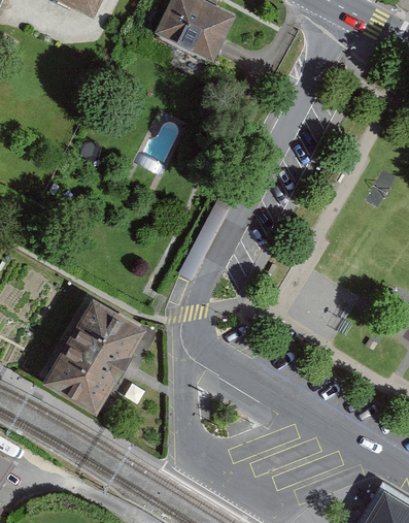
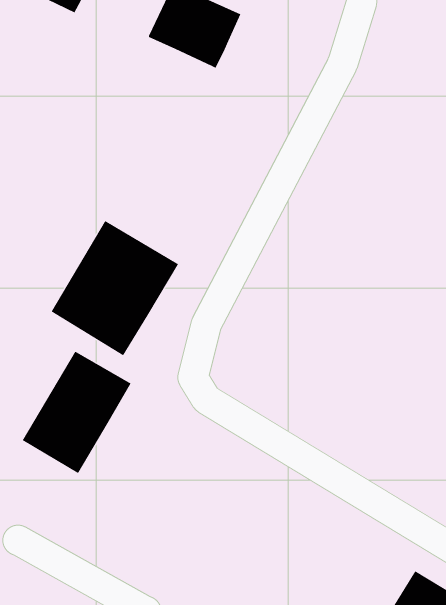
building: none -> [51,220,179,356]

